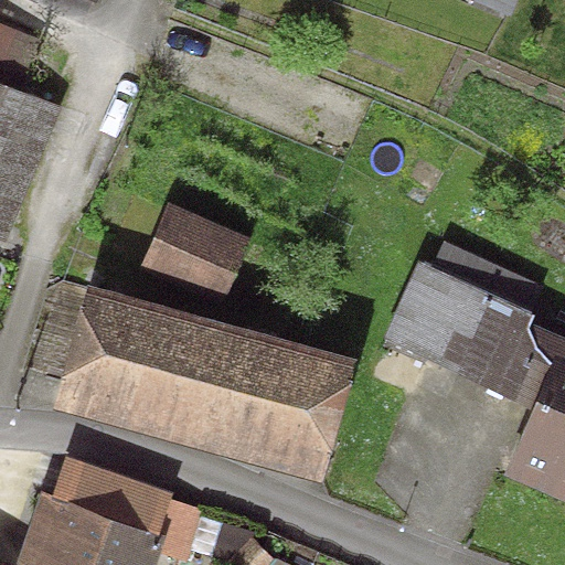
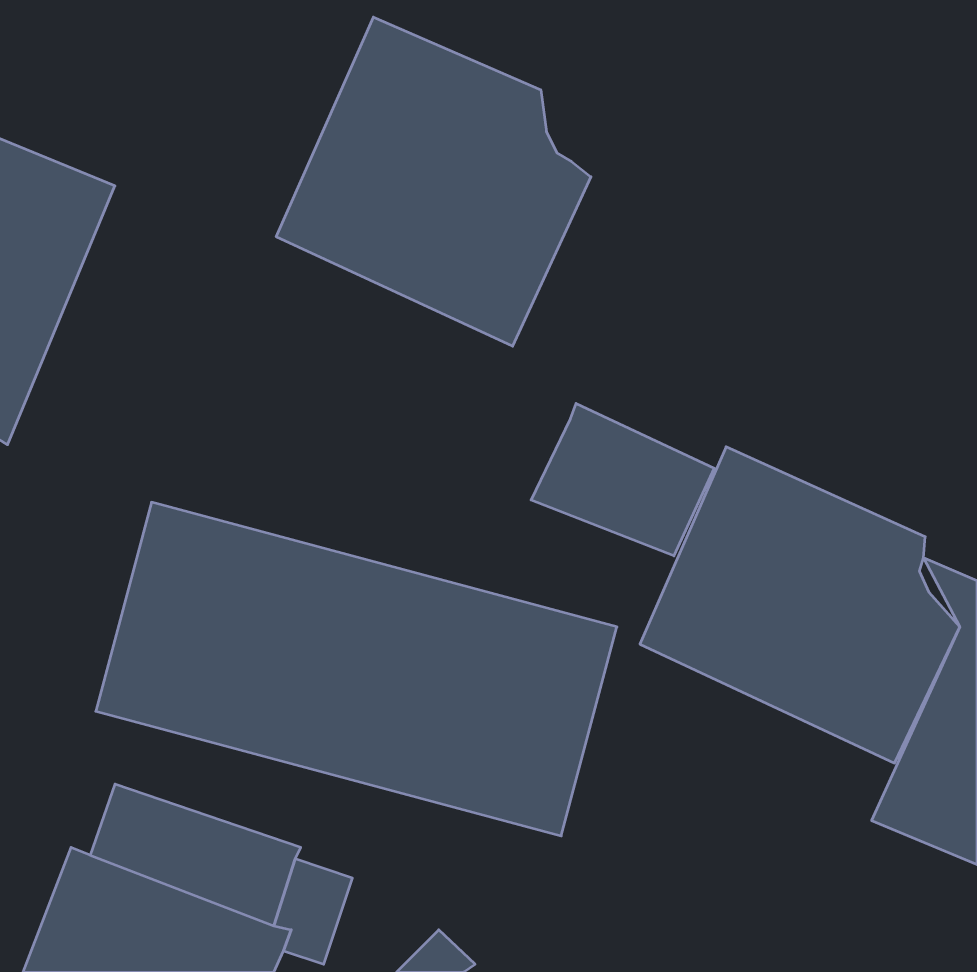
building: none -> [276,17,591,346]
building: [138,199,253,311] -> none
building: none -> [531,403,714,556]

